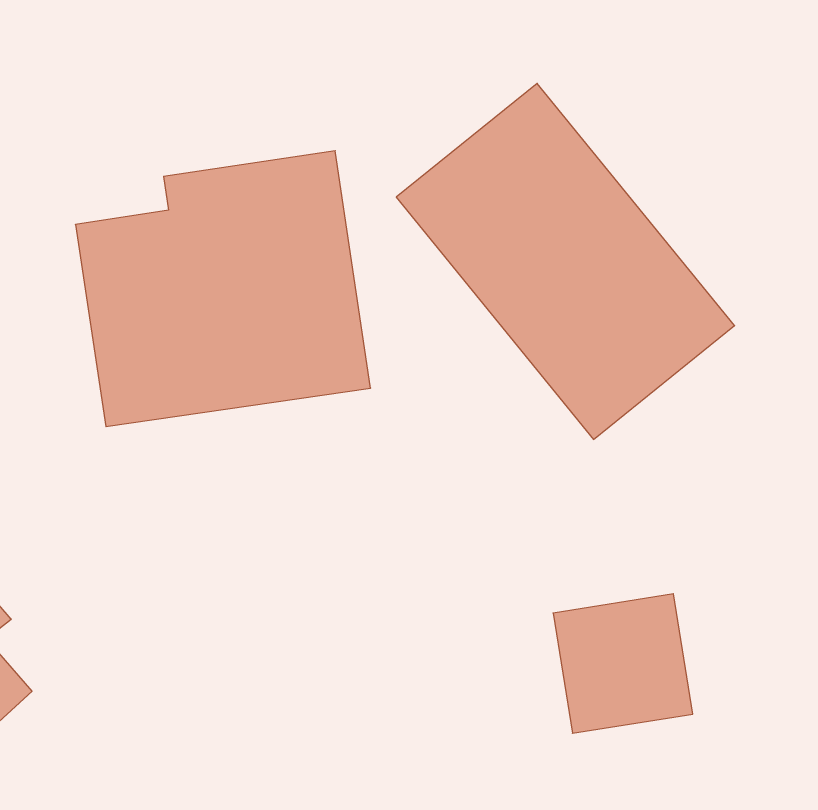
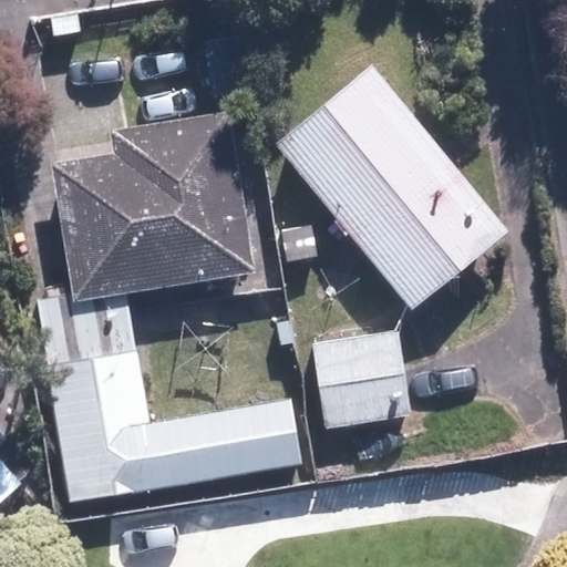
building: none -> [45,350,303,504]
building: [553,594,693,733] -> [316,332,412,429]

